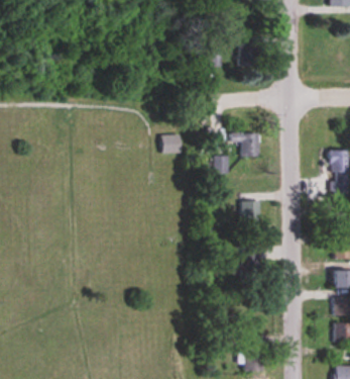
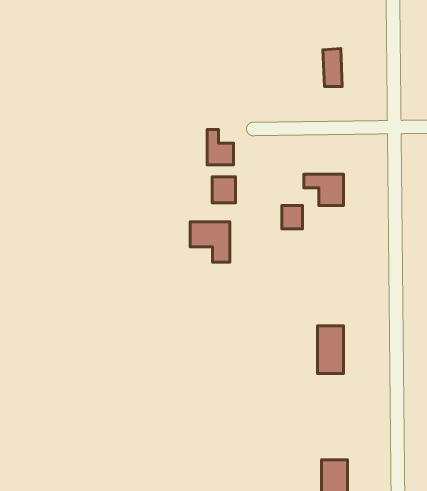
building: none -> [207,130,234,165]
building: none -> [190,222,230,262]
building: [241,201,259,223] -> none

